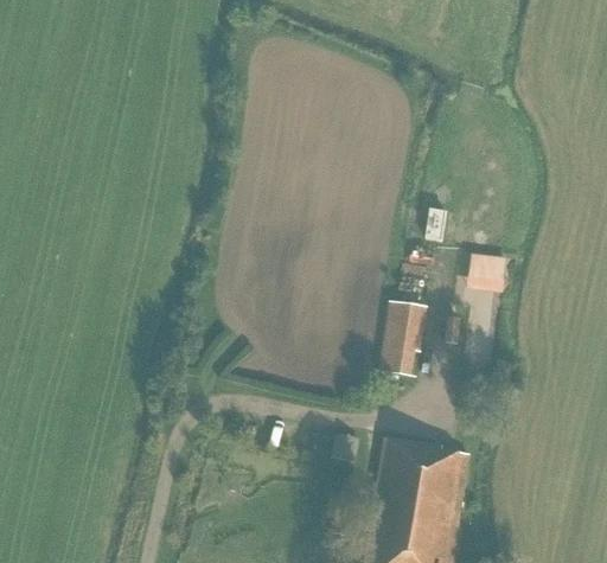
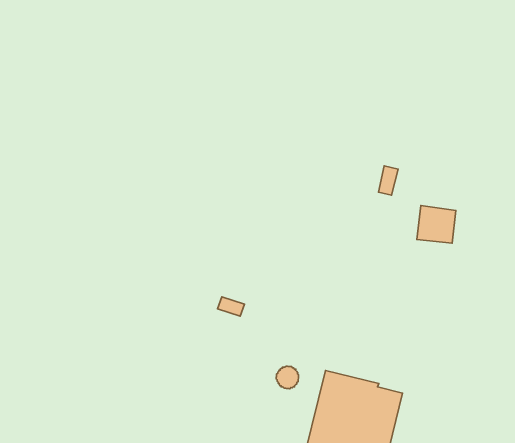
building: [377,301,428,378] -> none

